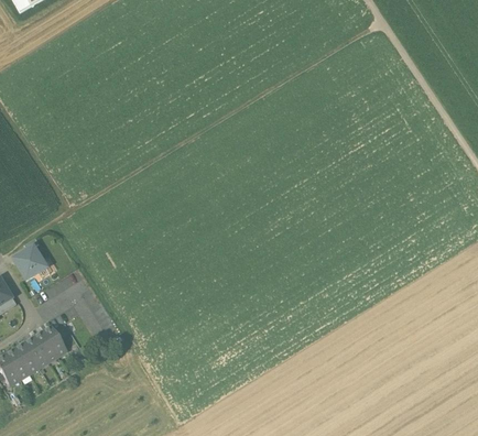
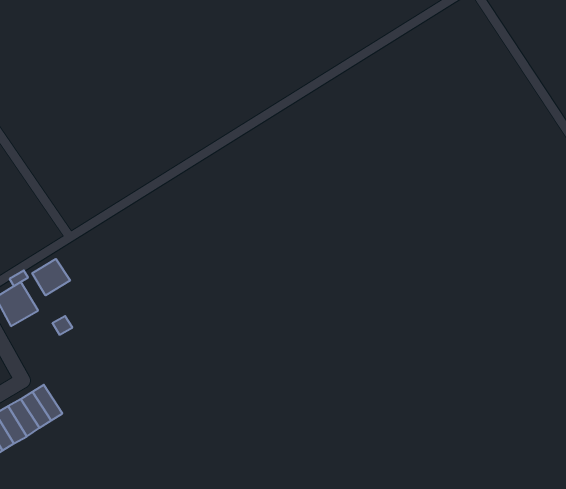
building: none -> [32,259,70,295]

